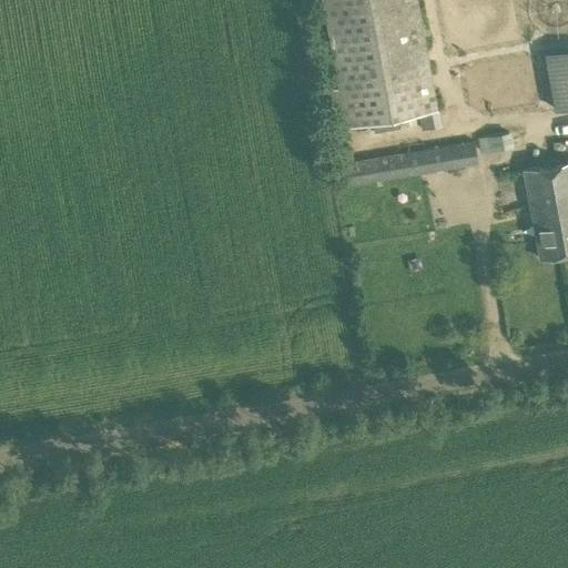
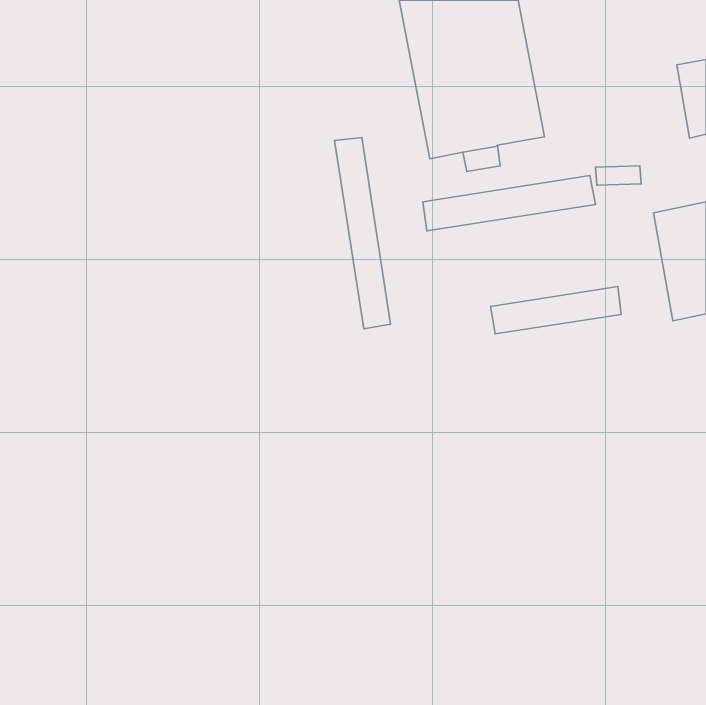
building: none -> [334,137,391,329]
building: none -> [491,287,621,334]

